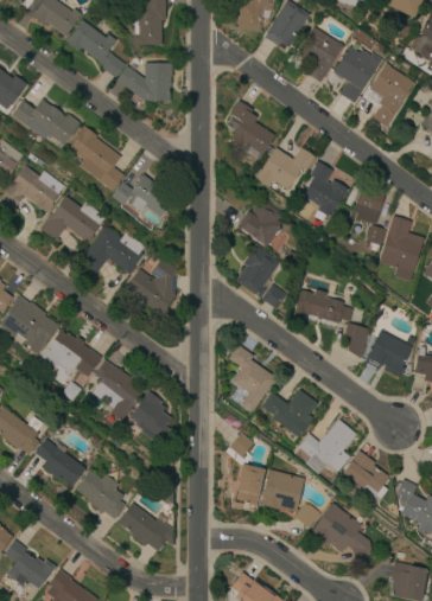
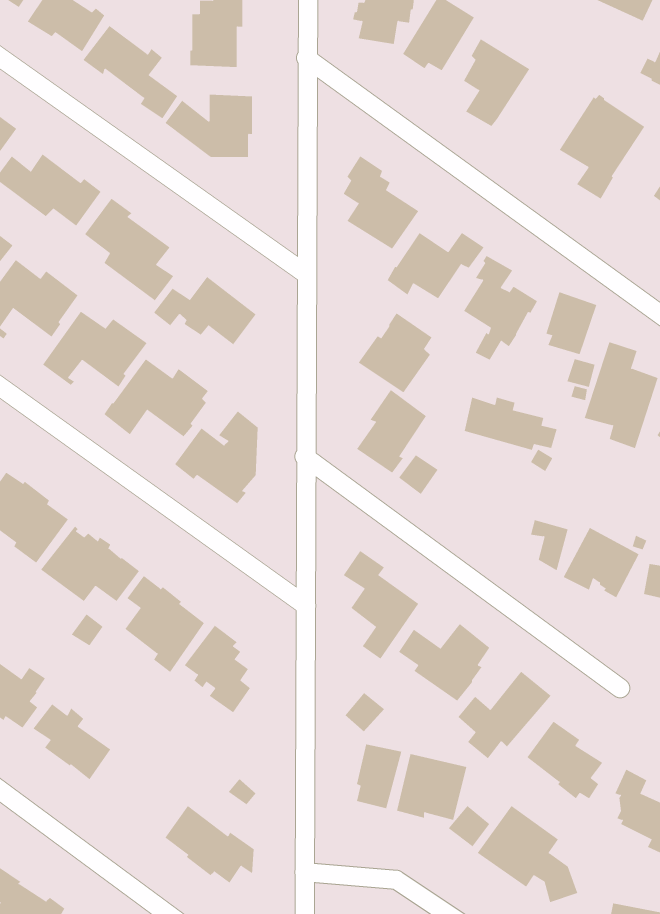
building: [333,46,381,102] -> none
building: [296,289,354,322] -> [464,397,558,450]
building: [76,469,126,519] -> none

